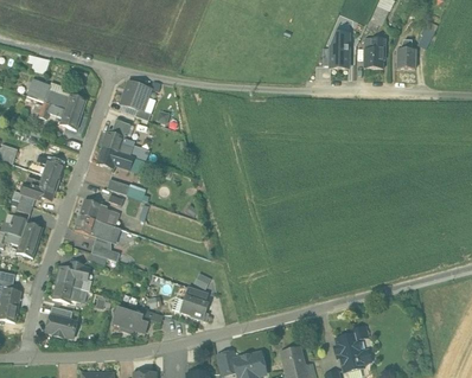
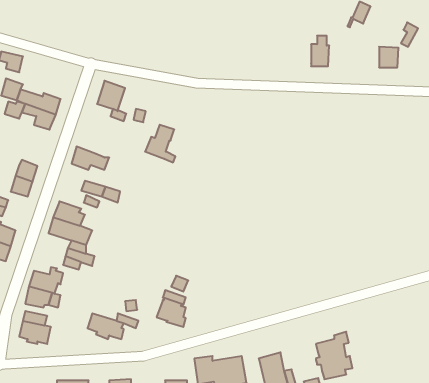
building: [364,37,385,68] -> none
building: [102,118,132,155] -> [145,125,175,162]

